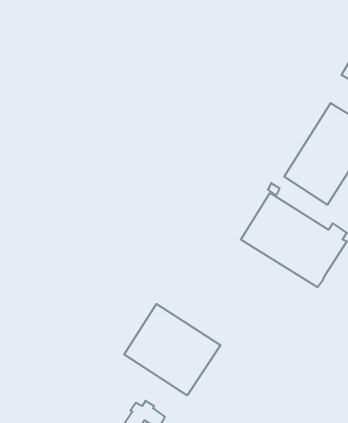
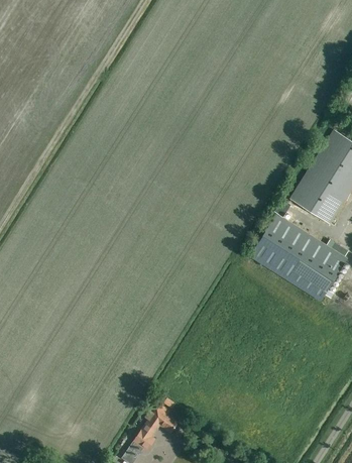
building: [124,304,220,395] -> none

